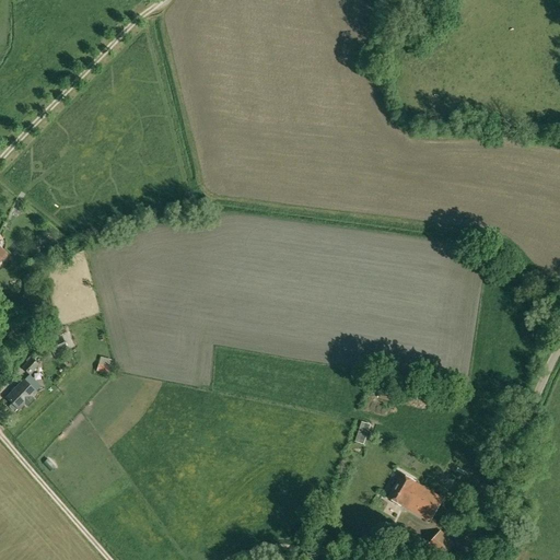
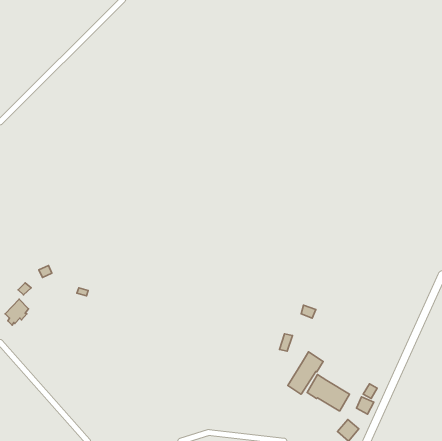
building: none -> [288,352,323,394]

